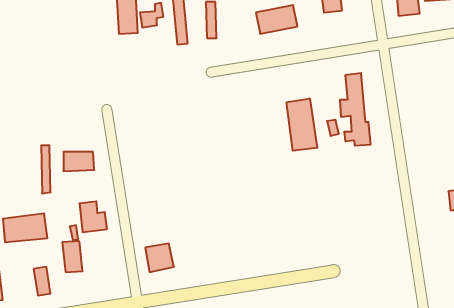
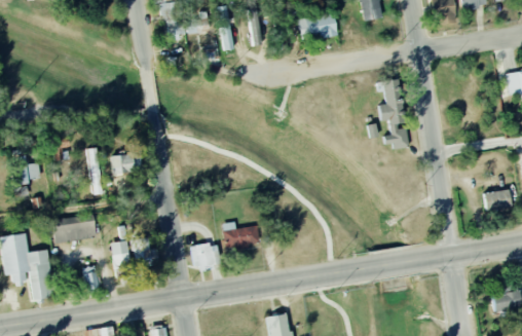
building: [287,98,317,151] -> none
building: [79,201,107,232] -> [132,238,158,268]
building: none -> [222,222,259,249]

